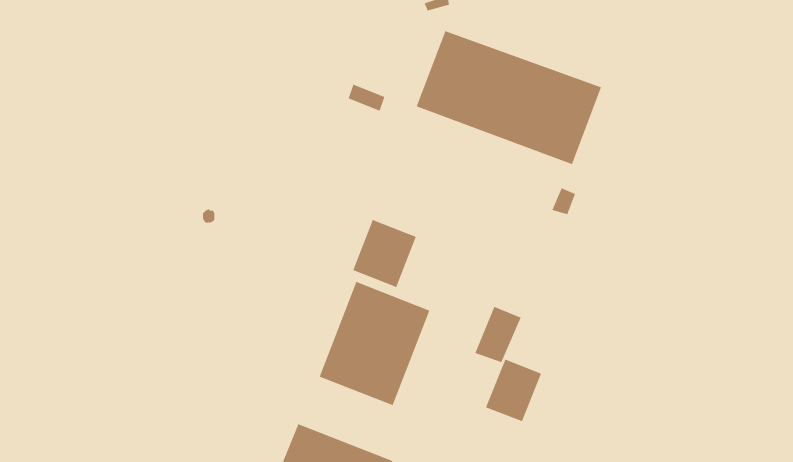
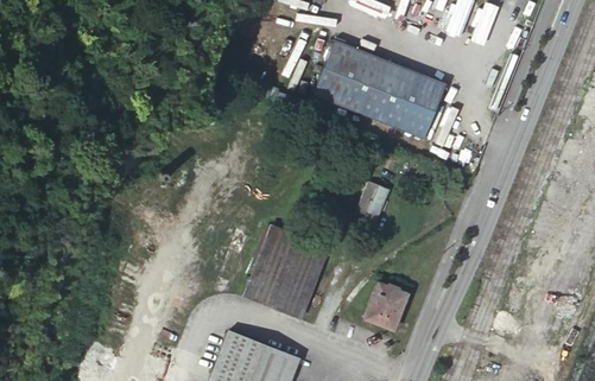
building: [352,219,417,288] -> none
building: [474,306,521,363] -> [353,180,387,222]

